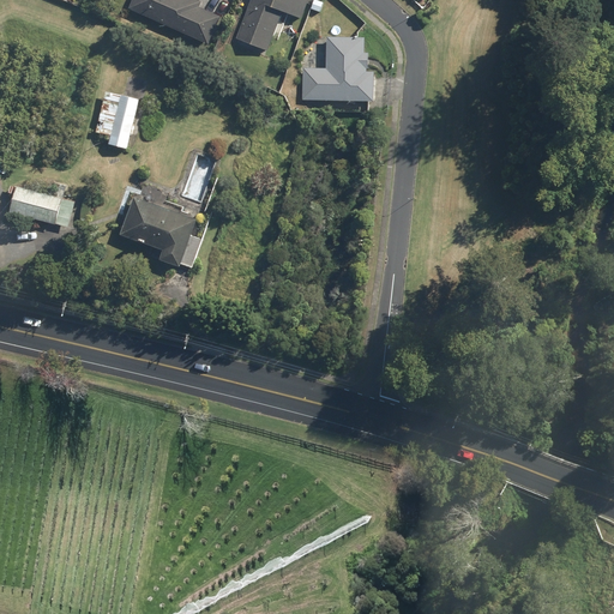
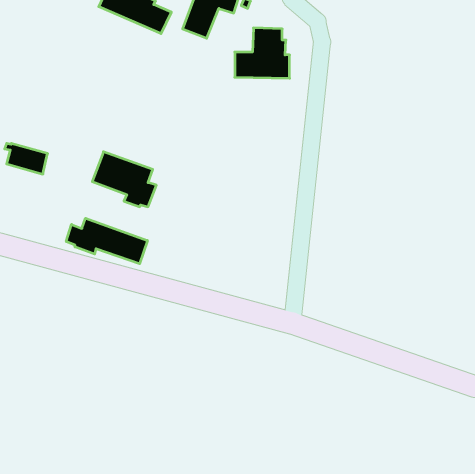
building: [95,90,138,148] -> none
building: none -> [66,218,147,264]

